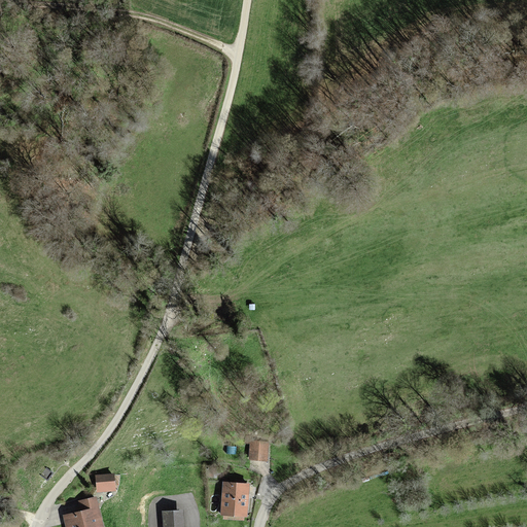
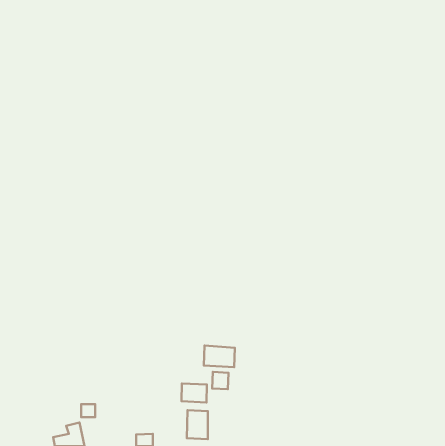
building: none -> [204,345,235,367]
building: none -> [182,384,207,403]

